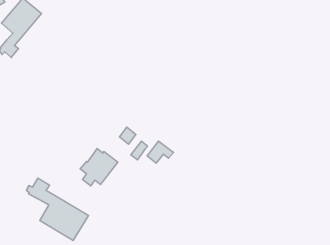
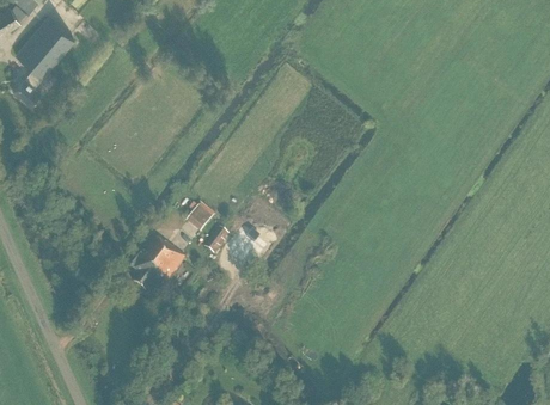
building: [27,178,88,240] -> none

